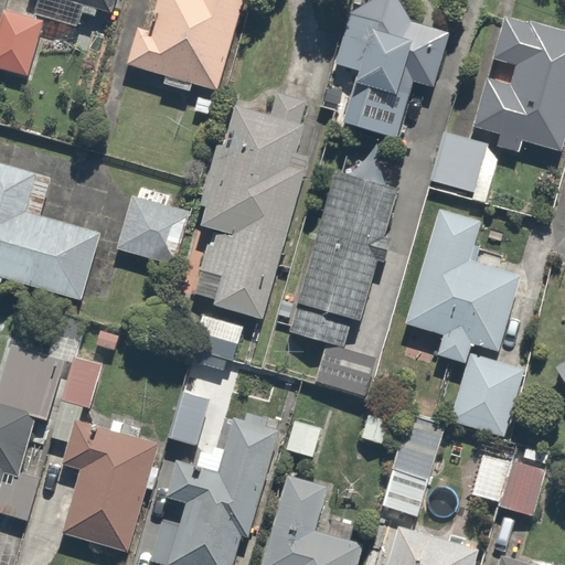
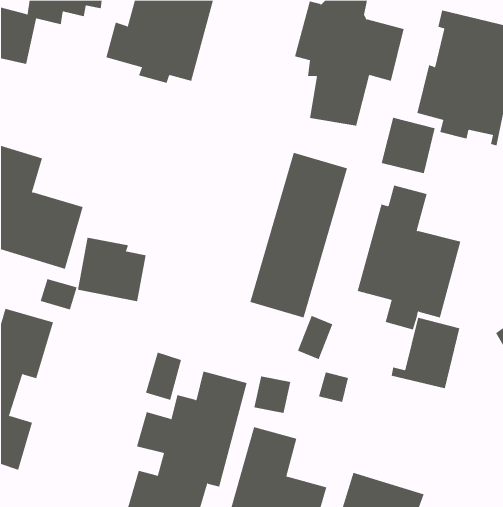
building: [193,99,322,358] -> none
building: [116,193,193,265] -> [77,237,147,302]
building: [51,354,158,552] -> none
building: [382,413,443,515] -> none
building: [470,456,548,520] -> none

